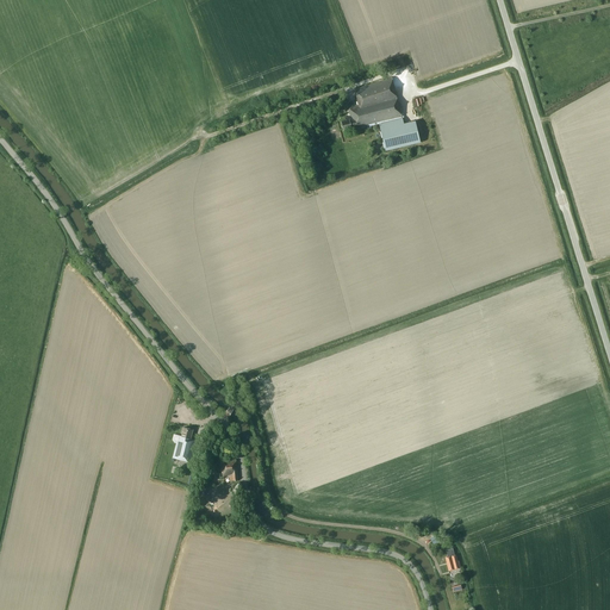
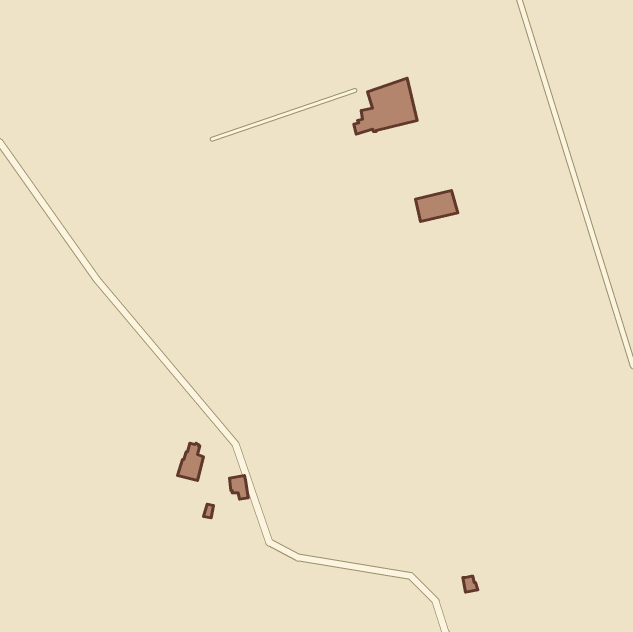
building: [379,120,419,150] -> [416,190,458,222]

